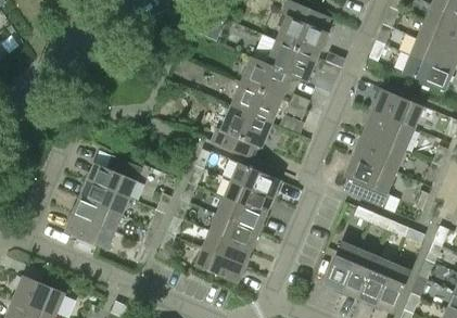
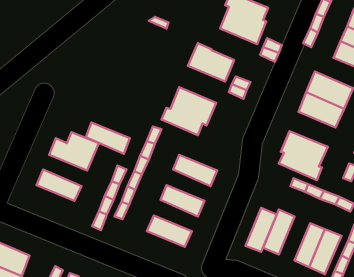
building: [266,40,317,82] -> none
building: [230,81,281,123] -> none
building: [353,132,404,171] -> none
building: [230,162,280,198] -> none
building: [79,180,128,215] -> [86,123,130,154]
building: [216,196,265,231] -> none
building: [64,214,114,250] -> none
building: [202,230,251,265] -> none
building: [341,249,376,297] -> [245,208,277,252]

